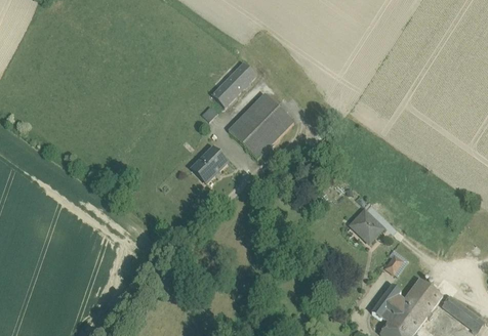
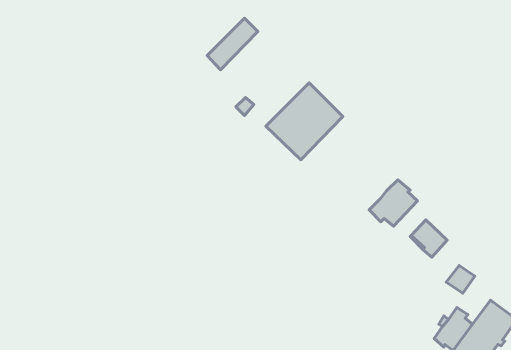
building: [212,62,255,107] -> [207,18,258,70]
building: [191,148,228,183] -> none
building: none -> [369,180,418,226]

